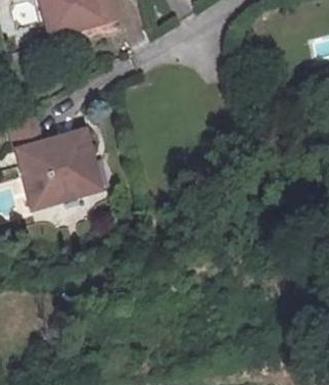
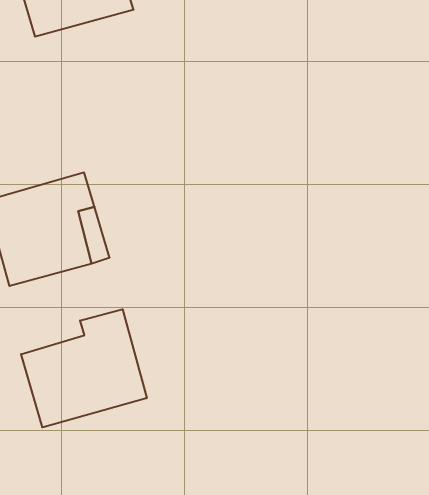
building: none -> [21,309,147,427]

